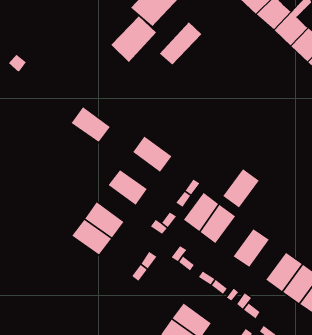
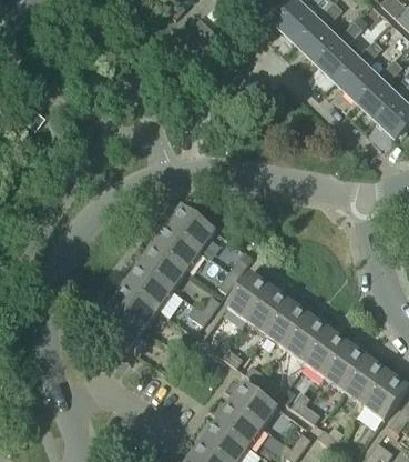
building: [110,15,157,63] -> none
building: [159,22,202,66] -> none
building: [71,106,111,143] -> [153,224,201,268]
building: [222,168,260,209] -> [266,300,310,348]
building: none -> [125,263,172,307]
building: none -> [306,328,349,375]
building: none -> [228,381,277,426]

